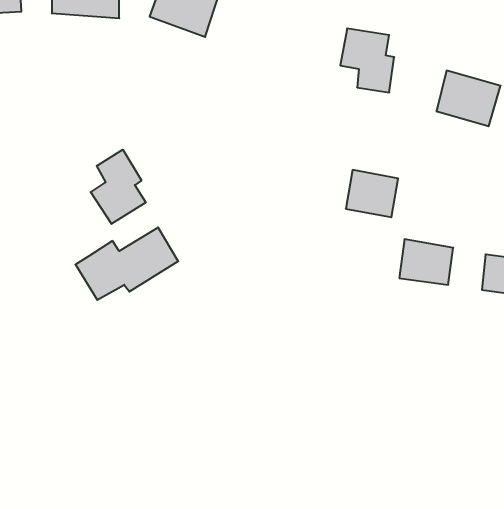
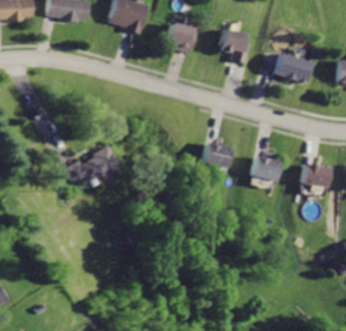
building: none -> [165,20,202,59]
building: [91,150,146,224] -> none
building: [346,170,398,217] -> [205,141,236,170]

